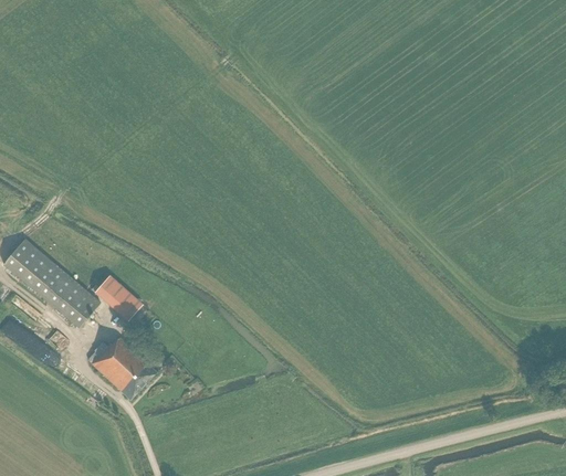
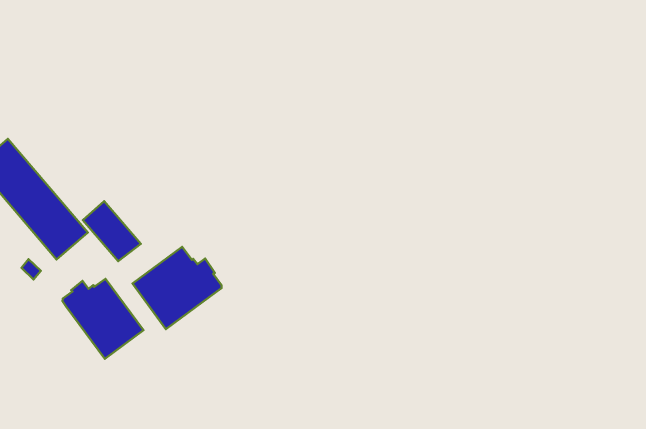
building: none -> [133,247,222,329]

